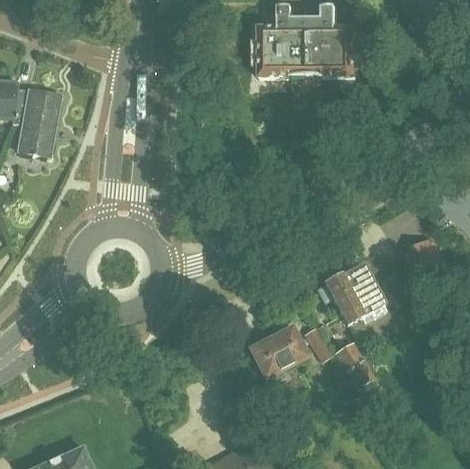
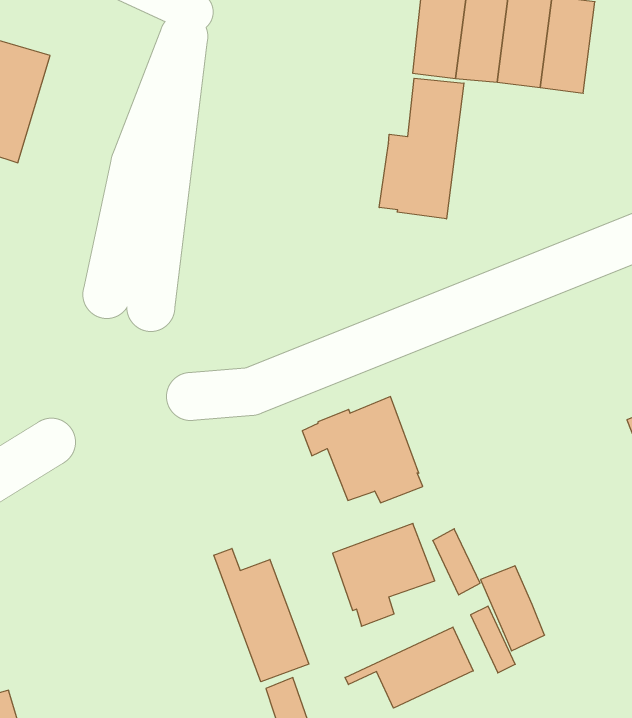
building: none -> [379,78,464,219]
building: [316,264,386,324] -> [302,397,423,503]
building: none -> [214,548,309,682]
building: none -> [345,627,473,708]

